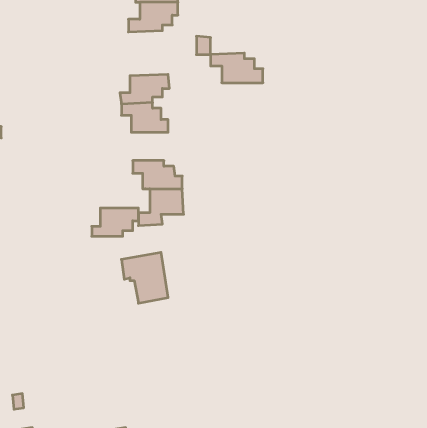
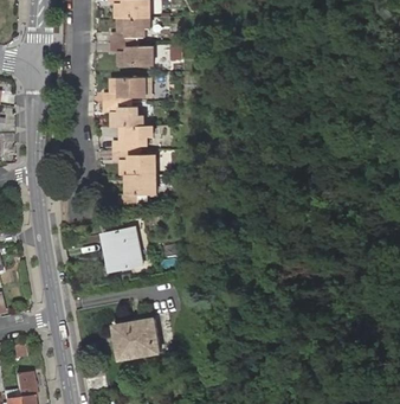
building: [211,53,263,83] -> [112,39,156,64]
building: [92,208,138,236] -> [116,124,155,148]
building: none -> [118,318,162,357]

